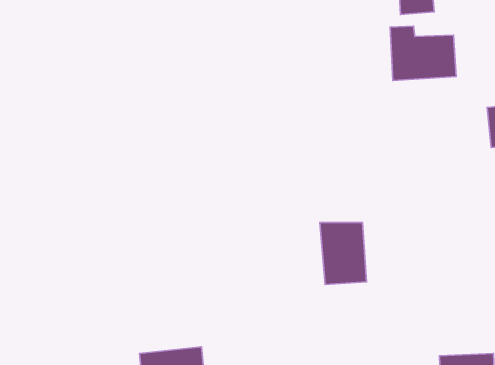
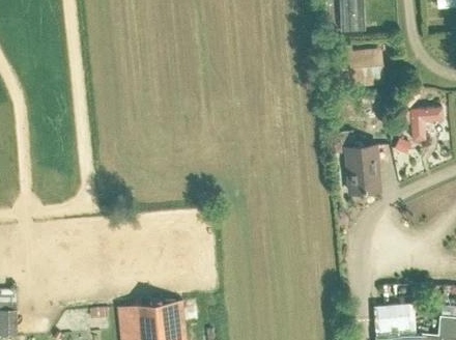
building: [320,222,366,285] -> [344,144,381,194]

